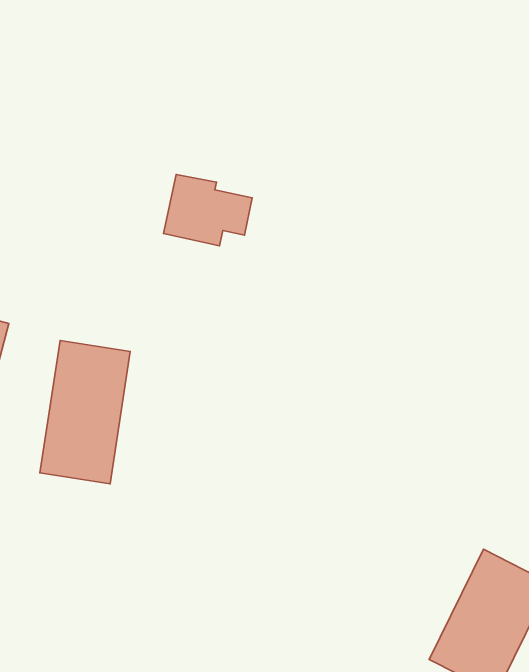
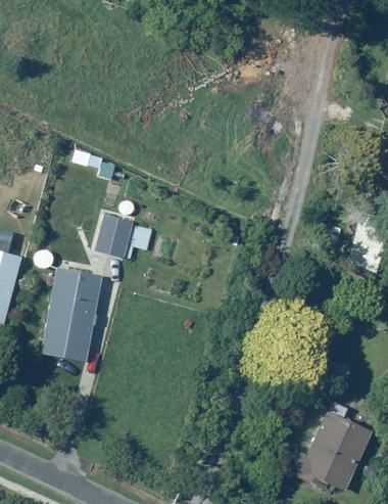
building: [164,174,252,246] -> [94,211,152,258]

